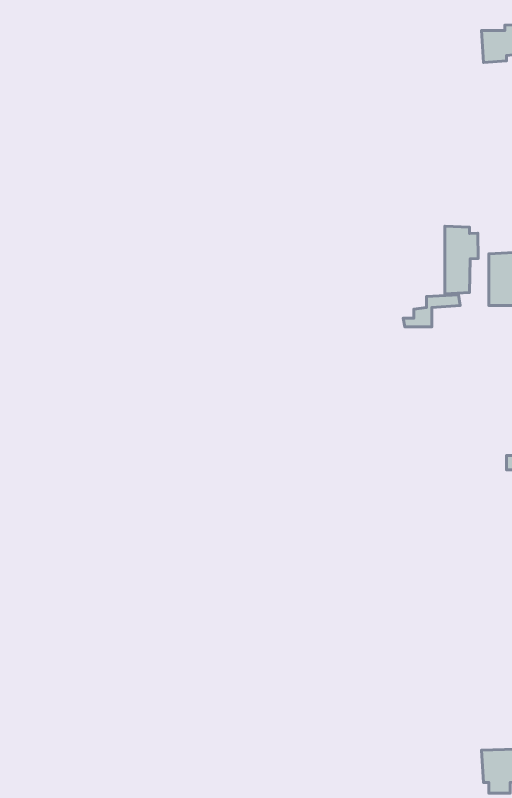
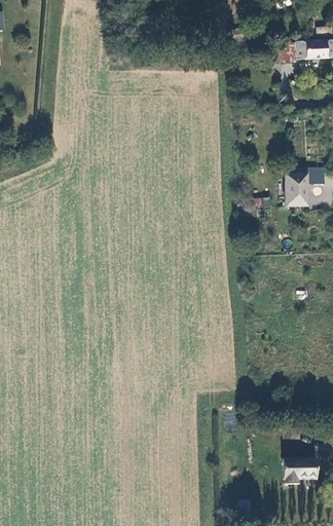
building: [445,226,478,294] -> none

